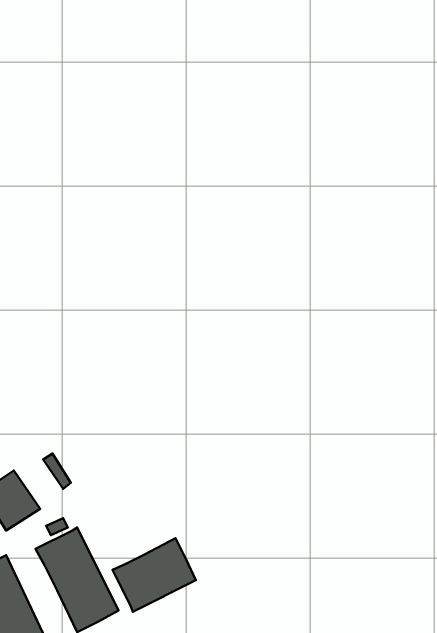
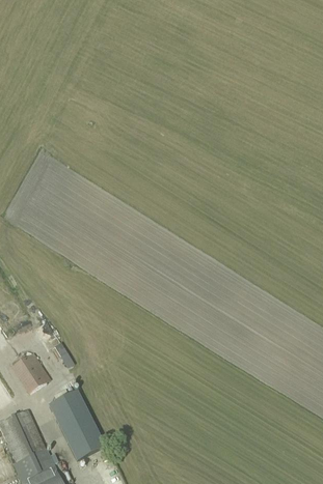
building: [112,538,196,612] -> none

